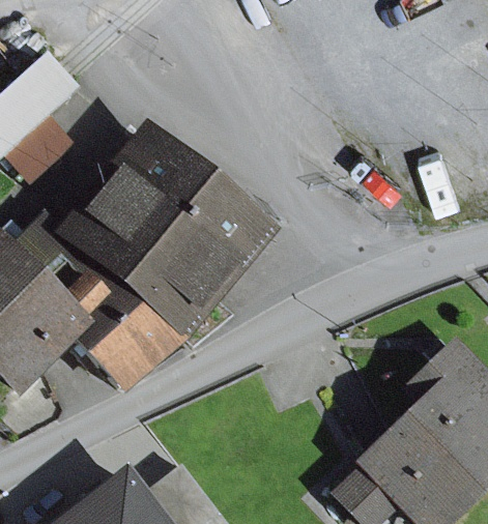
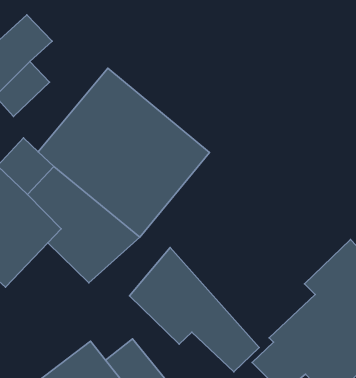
building: none -> [130,247,259,372]

